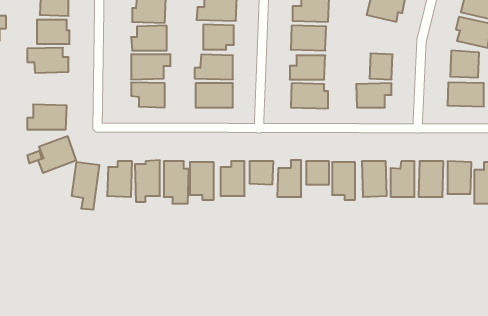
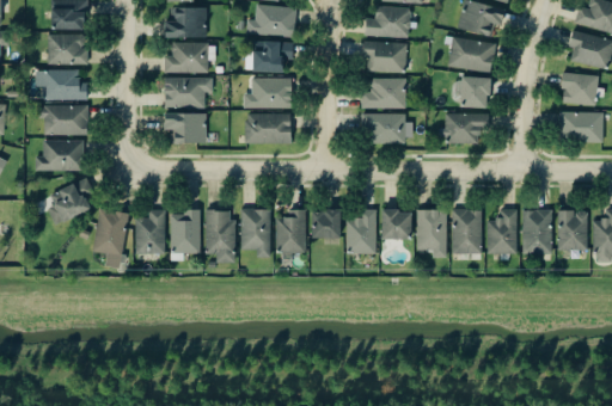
building: none -> [448,37,496,73]
building: none -> [39,105,88,135]

